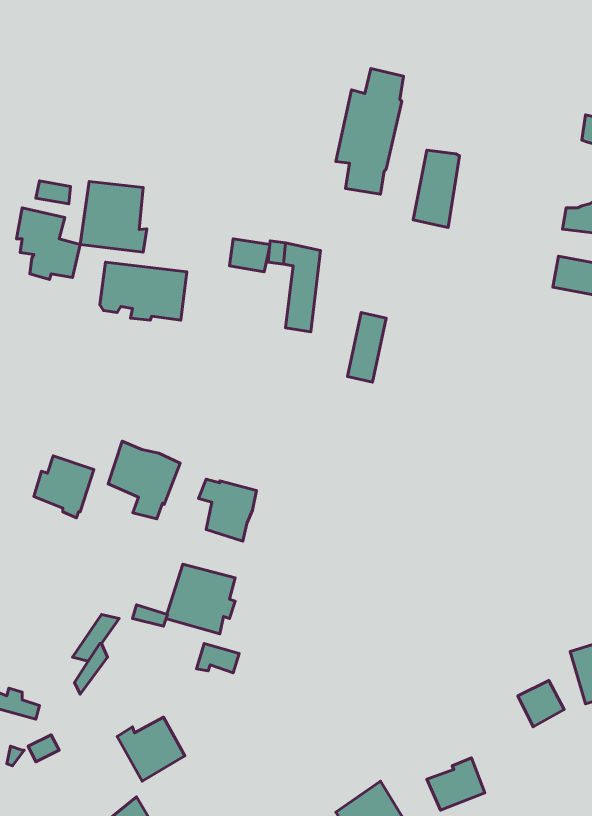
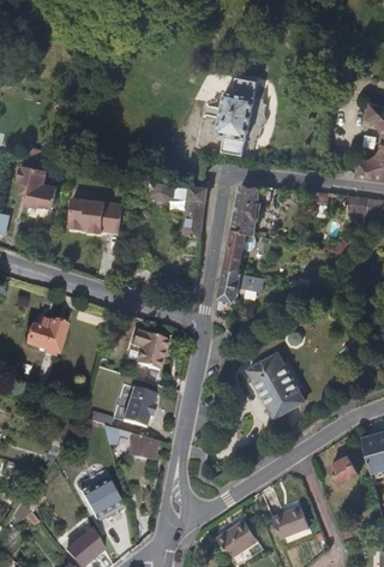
building: [413,150,460,228] -> [232,185,260,233]
building: [80,182,147,252] -> none
building: none -> [217,268,263,300]
building: [108,441,180,519] -> none
building: none -> [246,352,305,418]

